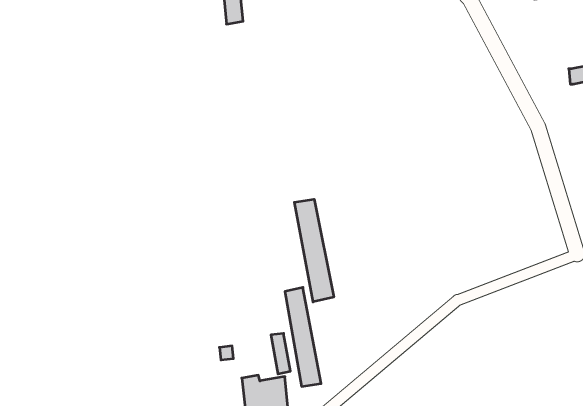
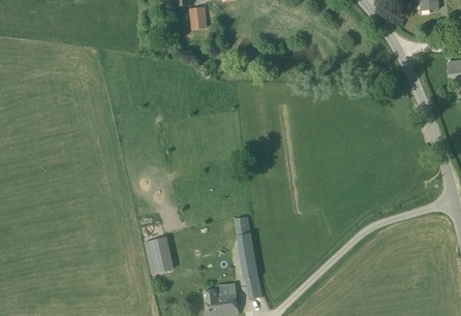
building: [294,199,334,302] -> none
building: none -> [149,248,180,271]

